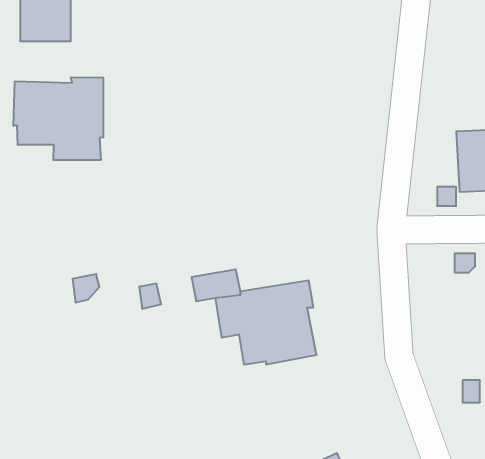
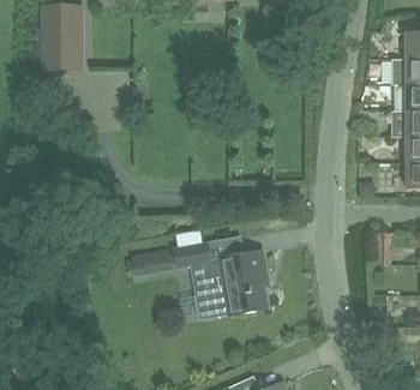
building: [14,77,103,160] -> none

